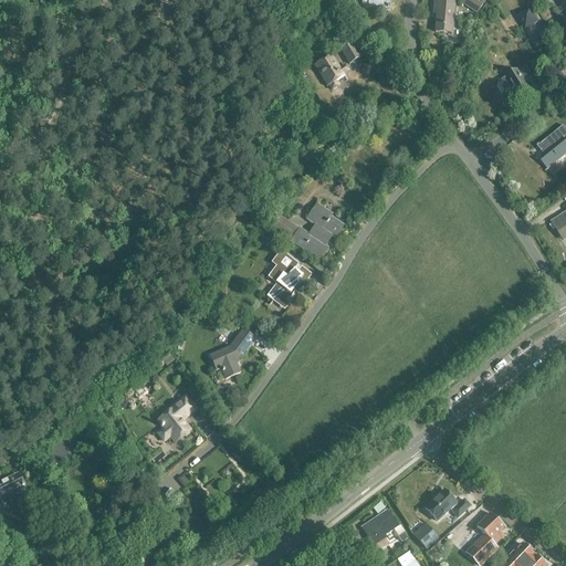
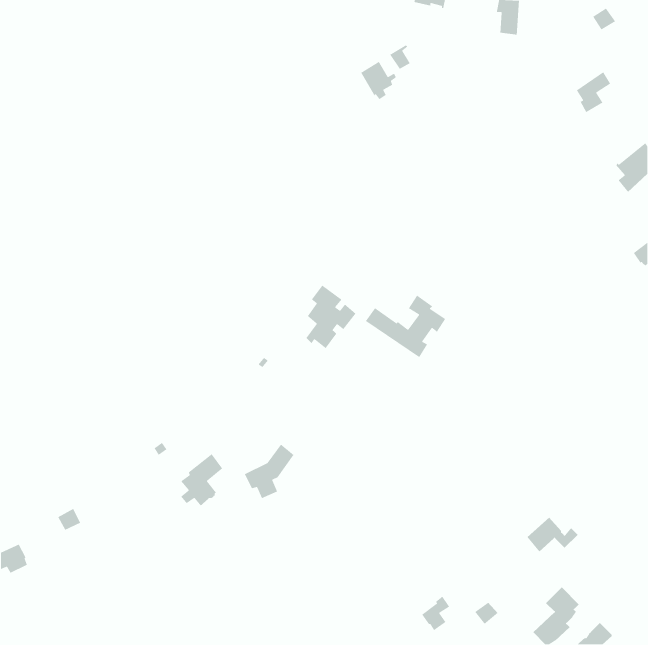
building: [271,202,342,258] -> [365,295,446,358]
building: [209,328,253,377] -> [244,443,295,499]
building: [424,489,470,520] -> [526,517,578,552]

